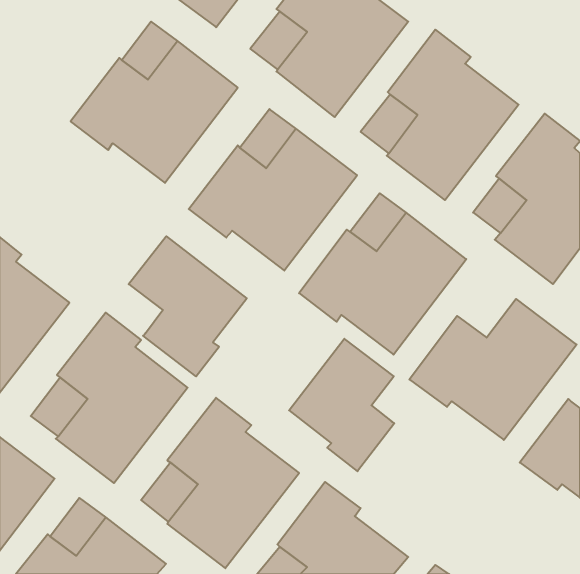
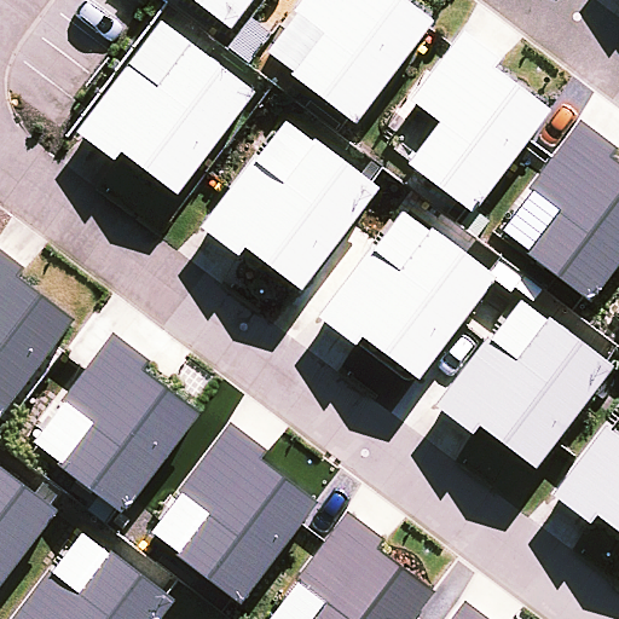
building: [129,236,247,376] -> none
building: [289,339,394,471] -> none

